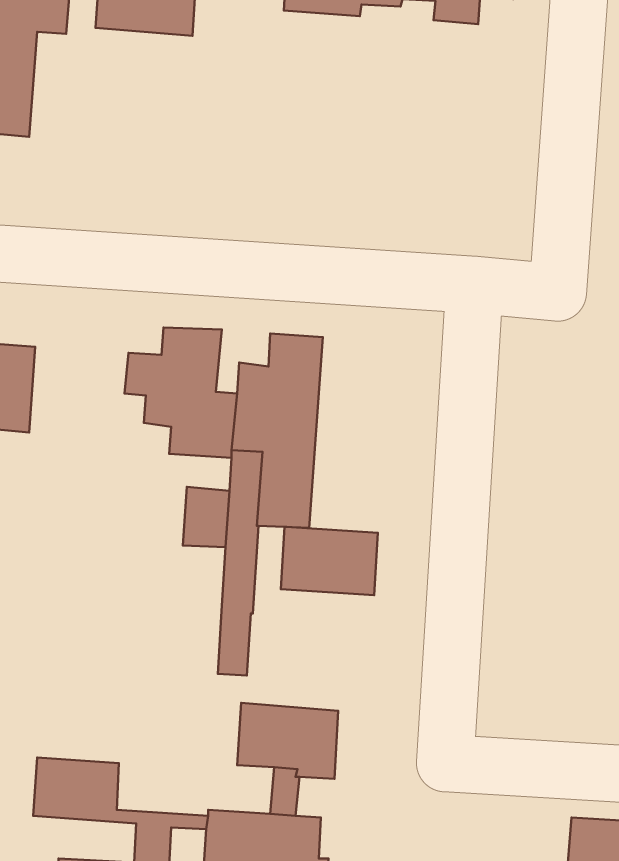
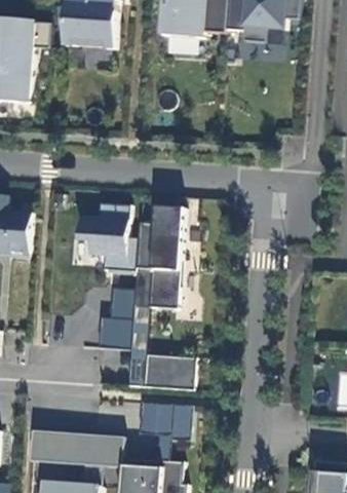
building: [281,527,378,595] -> [143,353,194,389]
building: none -> [97,316,131,349]
building: none -> [74,432,124,460]

